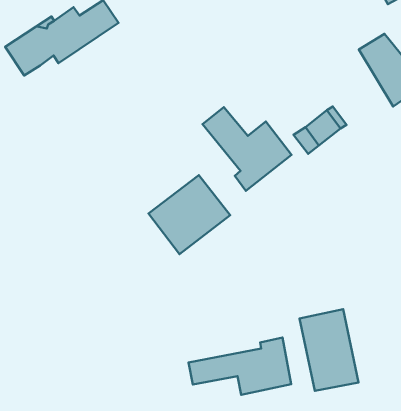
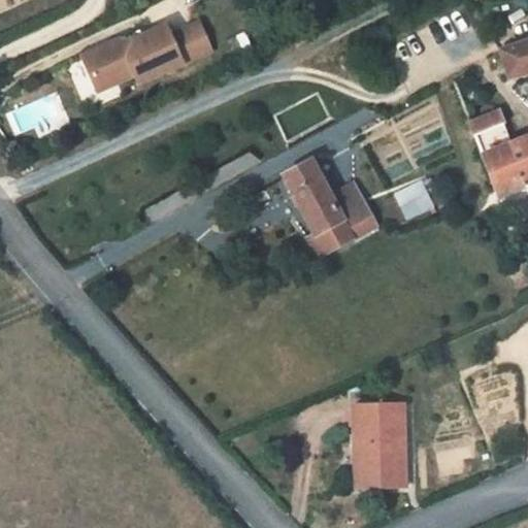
building: [149,175,230,254] -> none
building: [189,338,291,395] -> none

